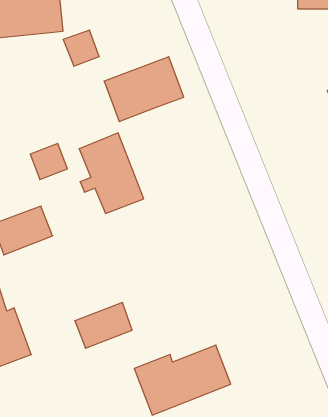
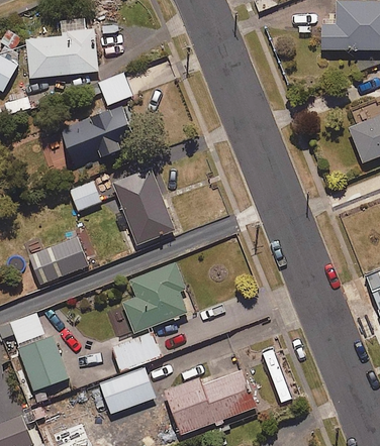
building: [104,57,184,121] -> [61,105,136,166]
building: none -> [122,262,188,333]
building: none -> [99,368,155,414]

